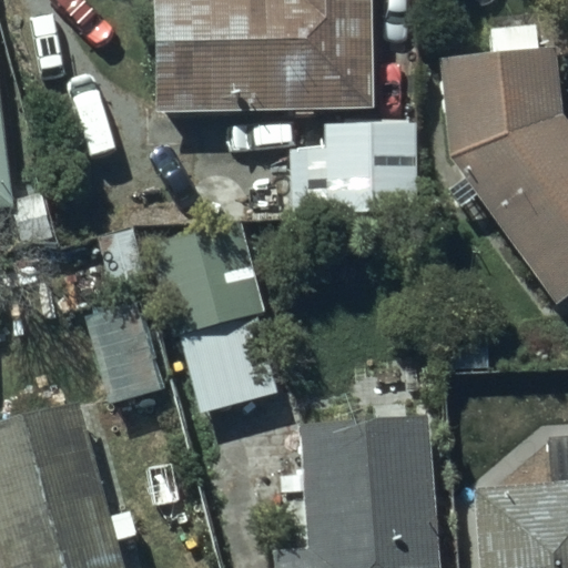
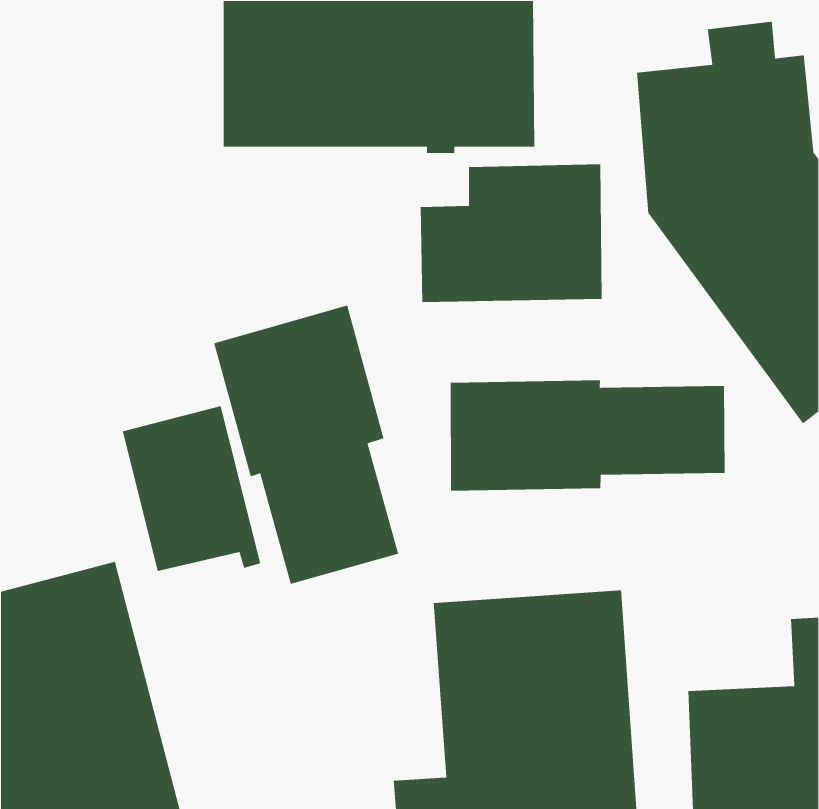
building: none -> [450,379,726,491]

